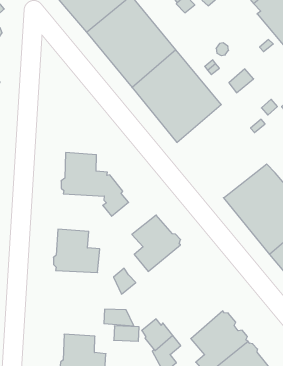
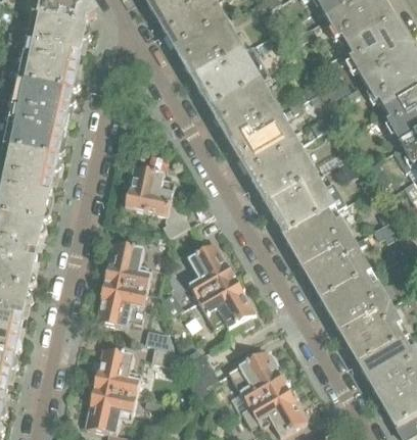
building: none -> [248,142,348,236]
building: none -> [198,276,257,329]
building: none -> [97,281,147,327]

